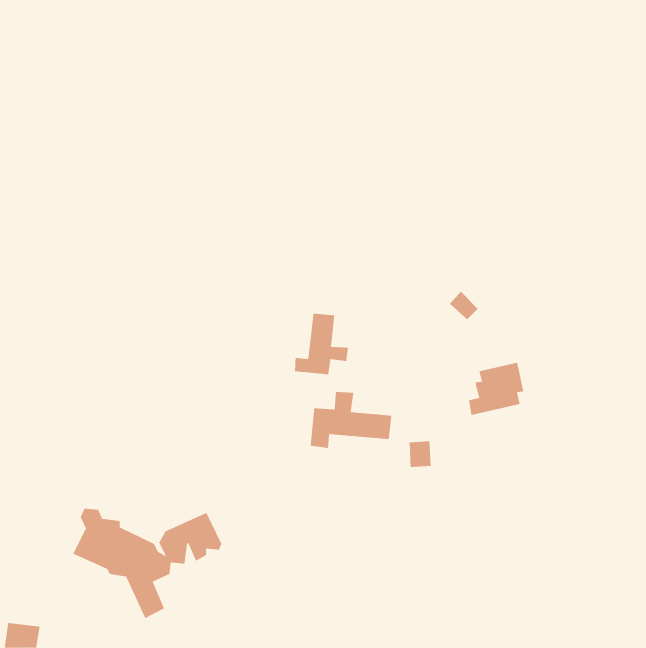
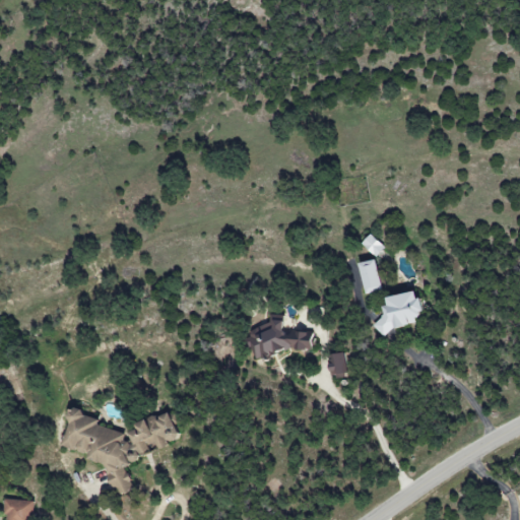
building: [294,313,348,375] -> none
building: none -> [358,259,380,294]

